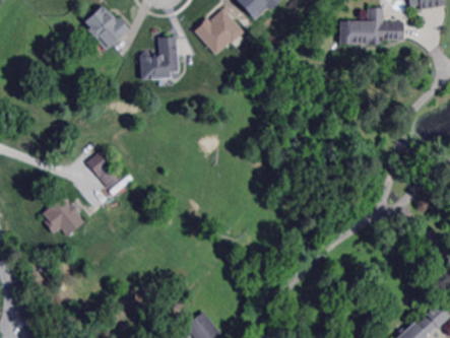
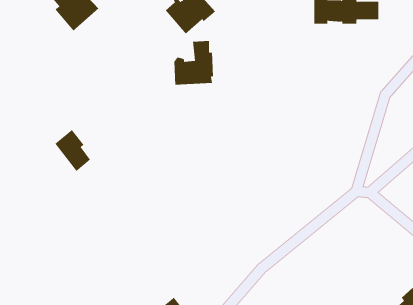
building: [139,37,179,80] -> [173,41,214,85]
building: [43,196,84,235] -> none

